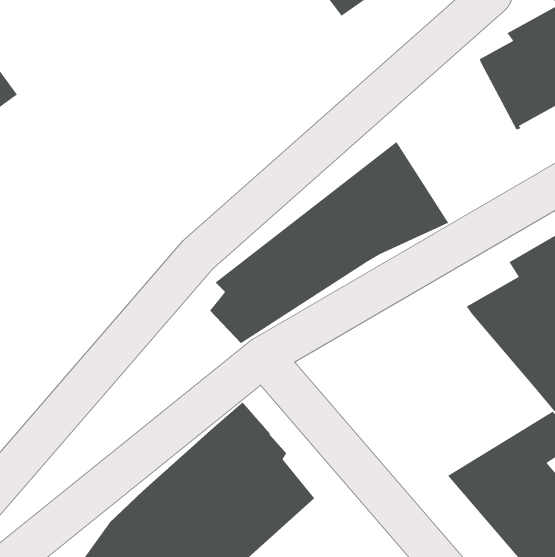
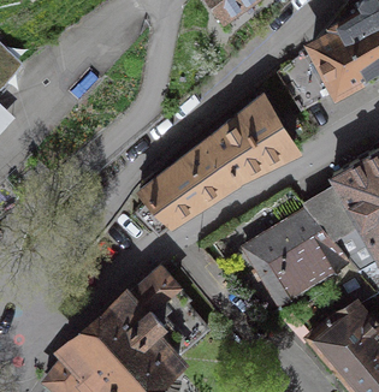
building: none -> [277,49,337,113]
building: none -> [244,212,349,304]

